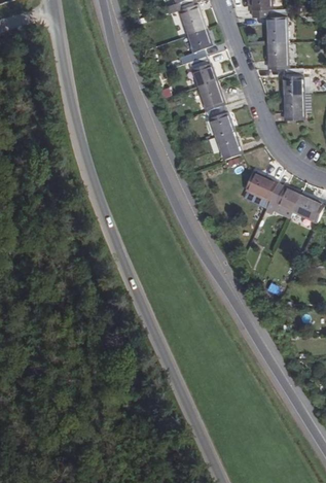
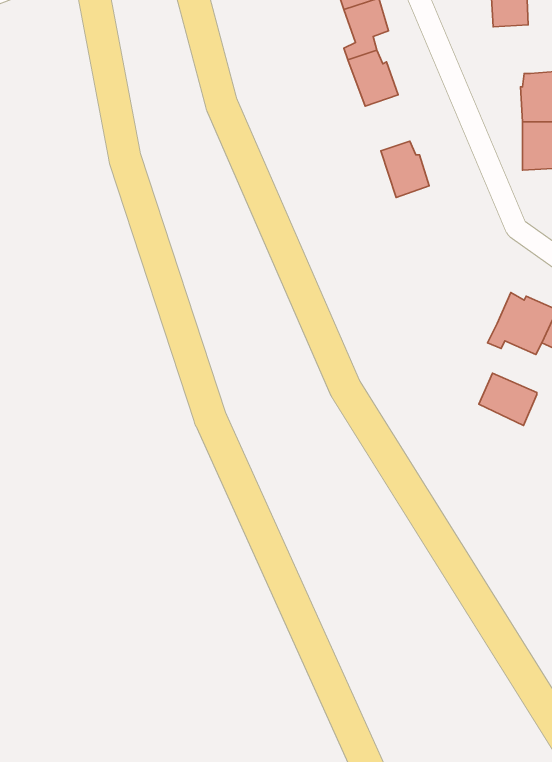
building: [267,43,287,69] -> none
building: [200,80,225,110] -> none
building: [216,129,243,160] -> none
building: [246,174,277,202] -> [479,373,537,425]

